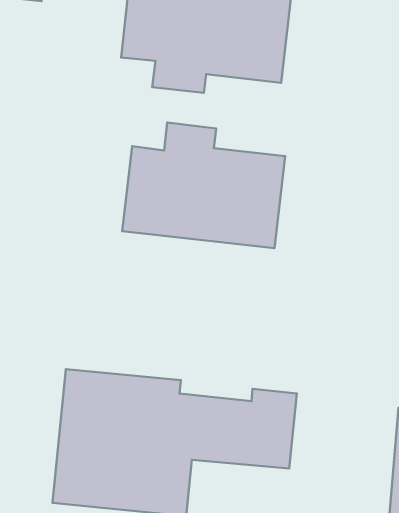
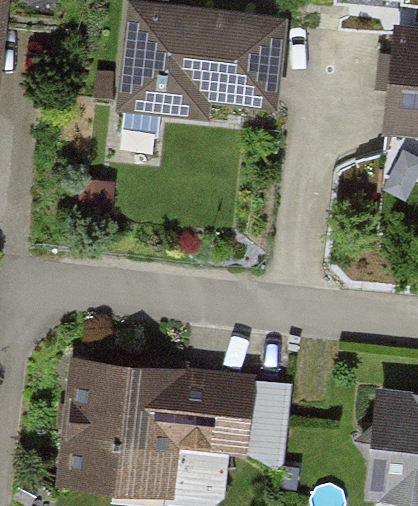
building: [122,123,285,248] -> none

